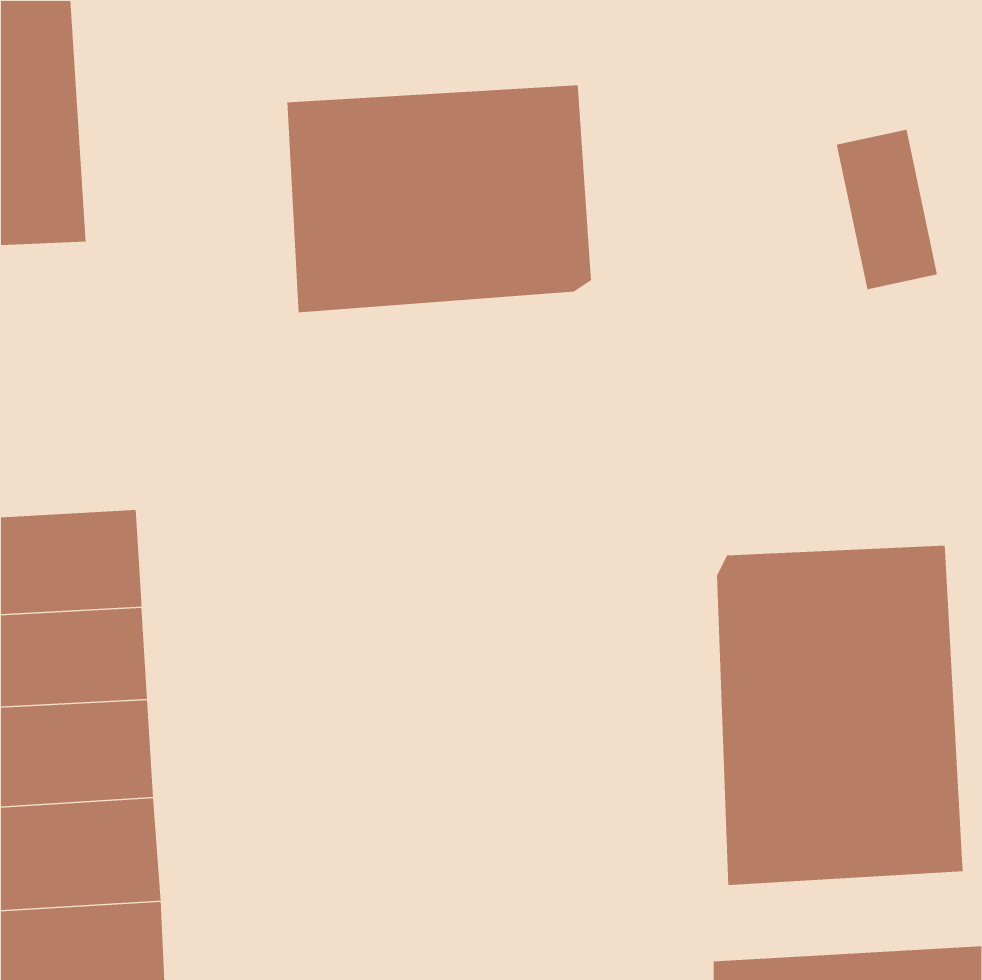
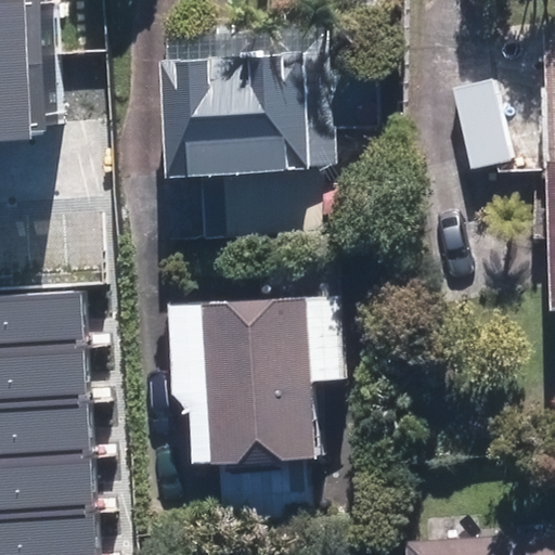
building: none -> [202,299,347,467]
building: [716,545,963,886] -> none

